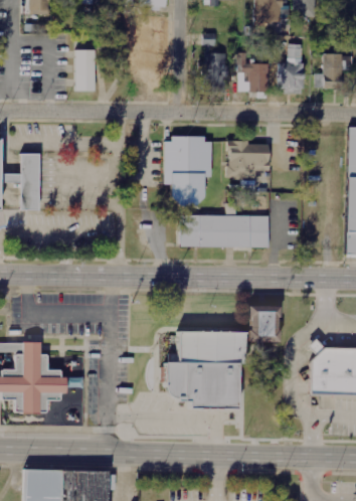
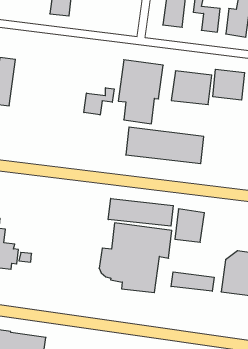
building: none -> [213,69,245,100]
building: none -> [84,88,114,115]
building: none -> [108,198,173,226]
building: none -> [171,272,214,291]

